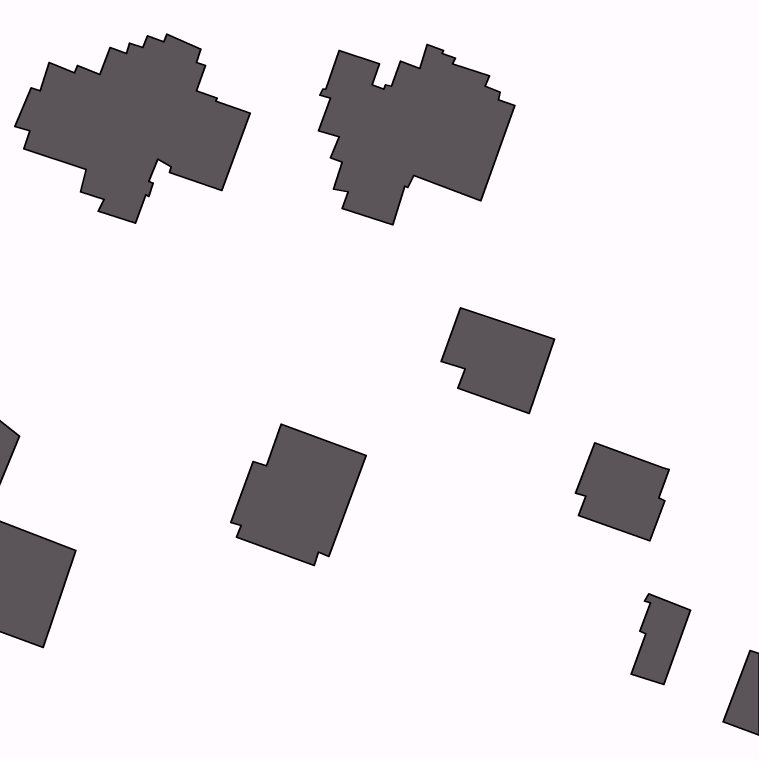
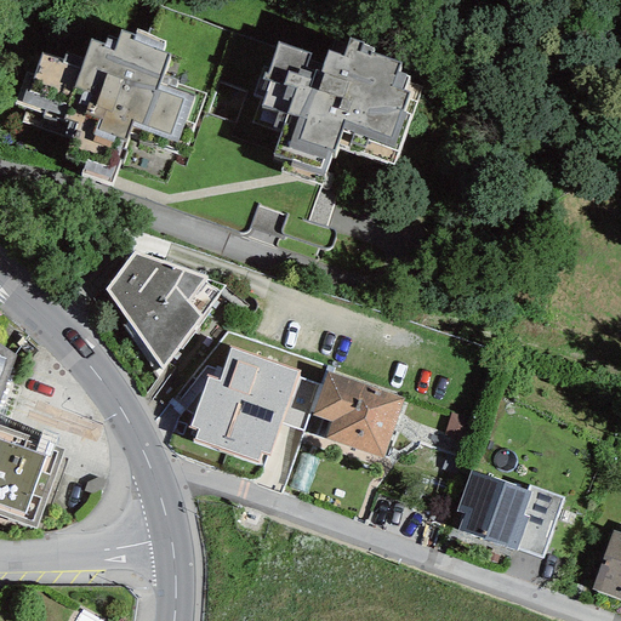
building: [441,308,554,413] -> [310,371,403,457]
building: none -> [103,251,224,370]
building: [575,443,669,541] -> [454,469,530,549]

